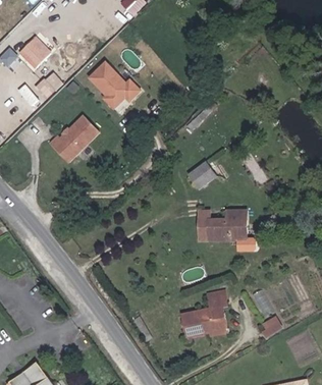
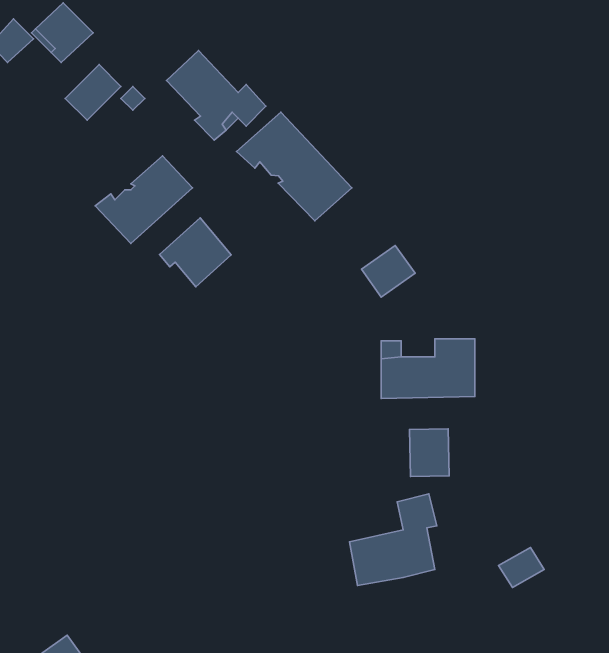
building: none -> [237,112,352,221]
building: none -> [159,218,231,287]
building: none -> [410,429,449,476]

